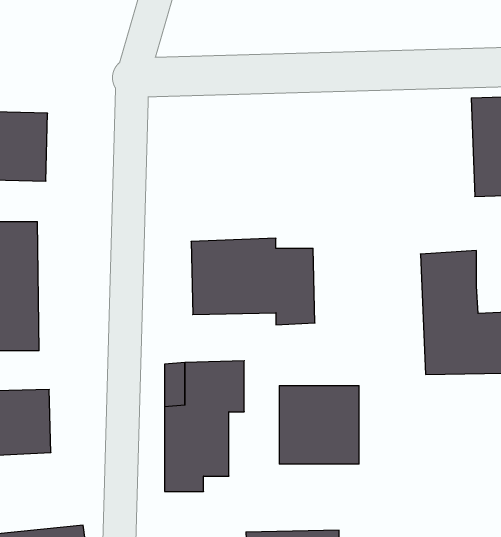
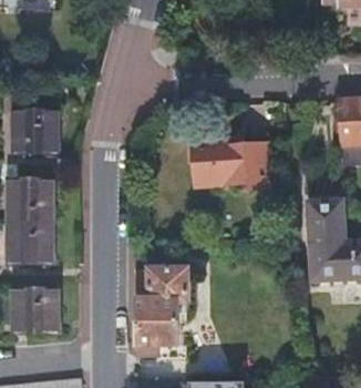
building: [191,238,315,325] -> [188,135,269,192]
building: [279,386,359,464] -> none

